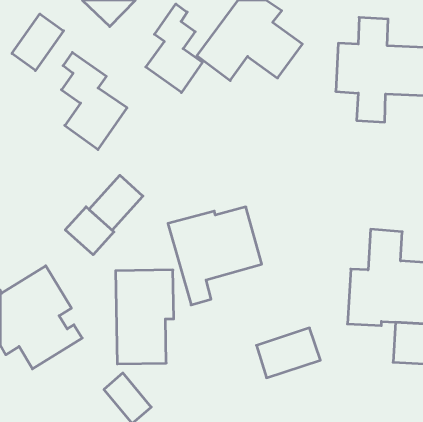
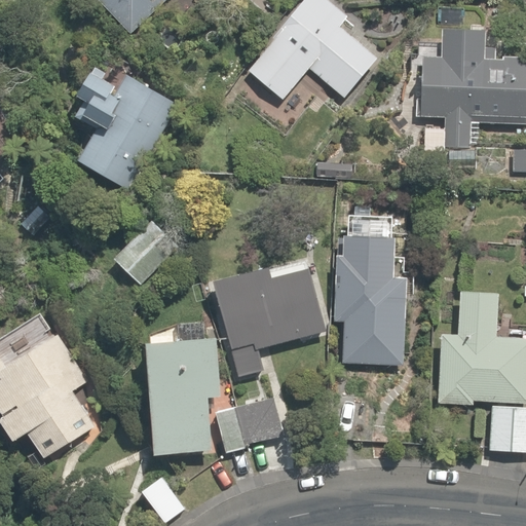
building: [146,4,202,93] -> none
building: [12,14,64,71] -> none
building: none -> [337,234,411,364]
building: [65,207,114,255] -> none
building: [256,328,320,378] -> [212,393,291,455]

